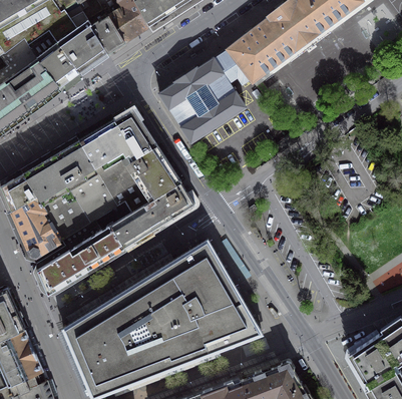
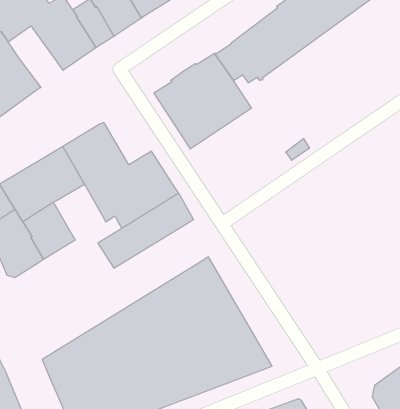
building: [30,34,78,88] -> none
building: [115,108,156,156] -> none
building: [70,173,116,223] -> none
building: [36,226,123,295] -> none

